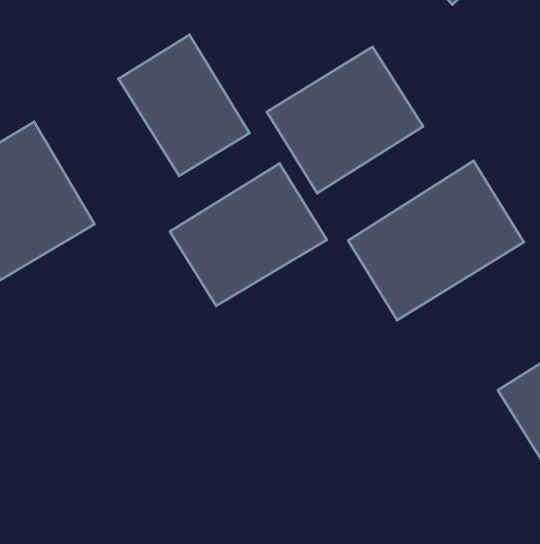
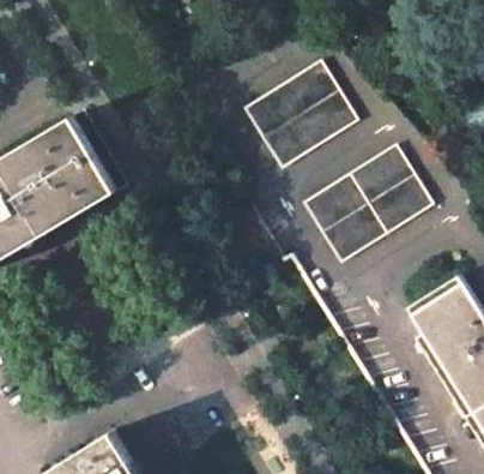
building: [118,35,249,176] -> none
building: [170,163,327,306] -> none

